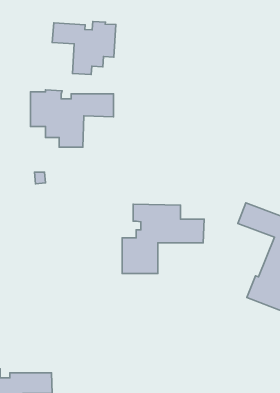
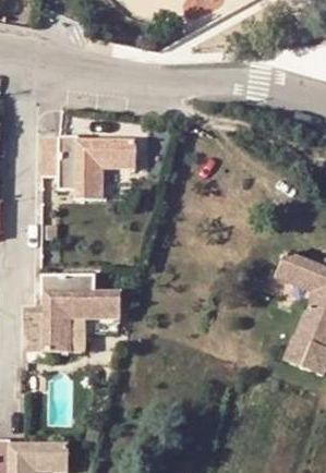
building: [52,21,116,74] -> none
building: [122,204,204,273] -> [28,272,119,349]

